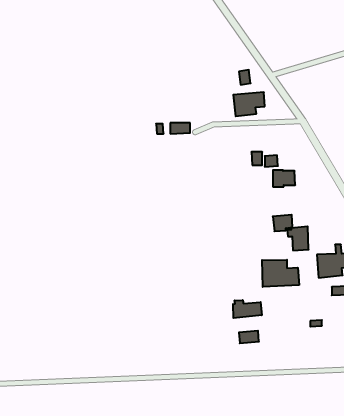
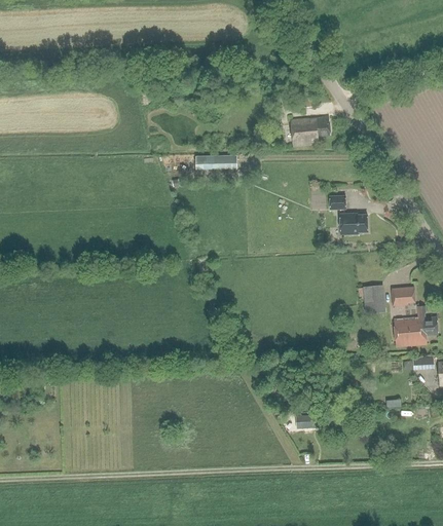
building: [273,215,293,231] -> [390,285,414,305]
building: [262,260,299,287] -> none
building: [233,300,262,318] -> none

